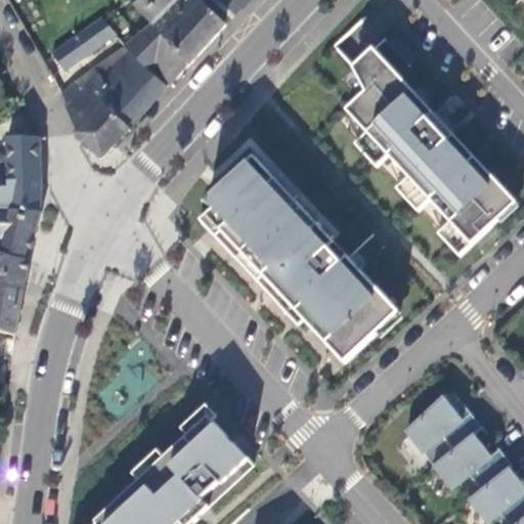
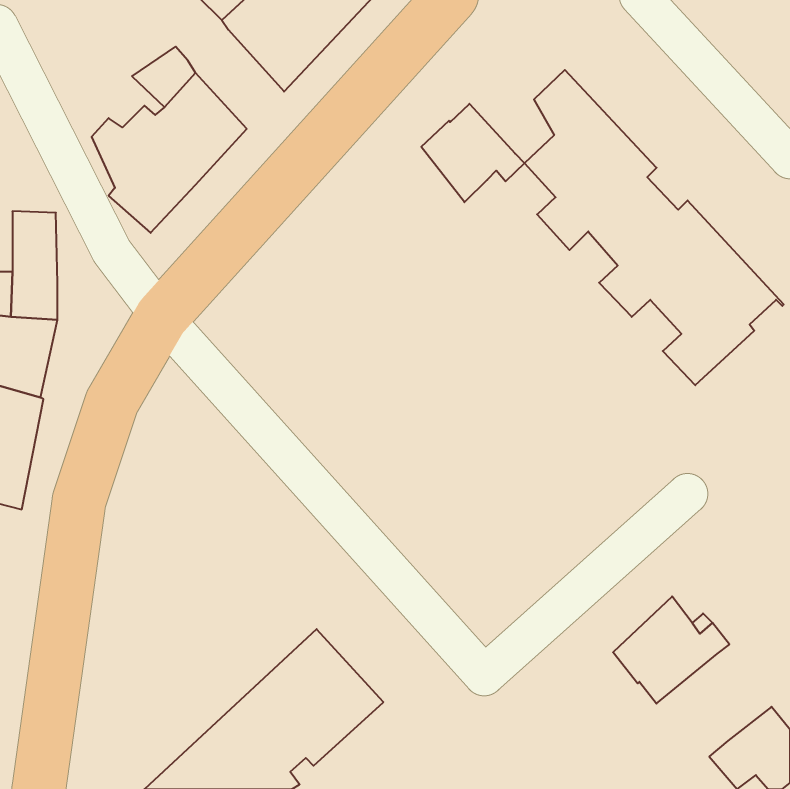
building: [51,13,116,67] -> none
building: [124,19,187,85] -> none
building: none -> [421,104,525,202]
building: [198,155,399,361] -> none
building: [432,431,512,488] -> none

